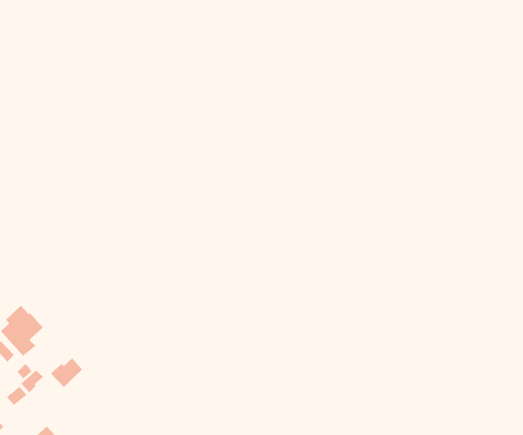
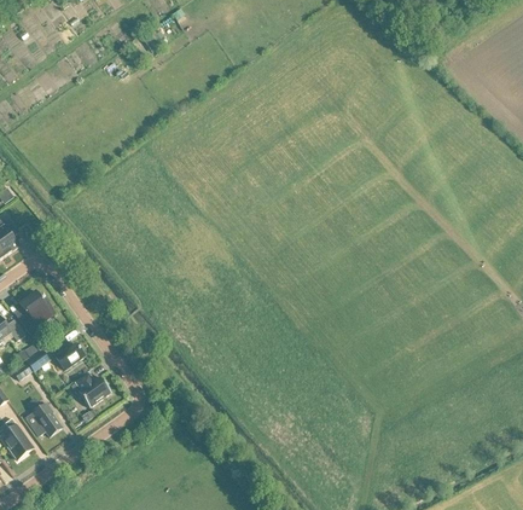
building: none -> [74,371,110,406]

